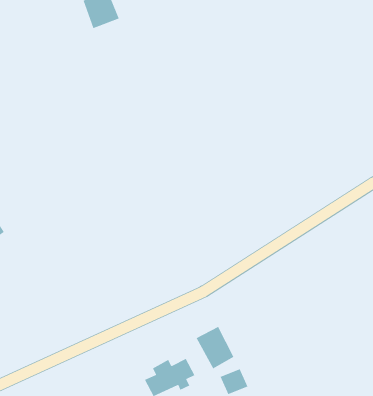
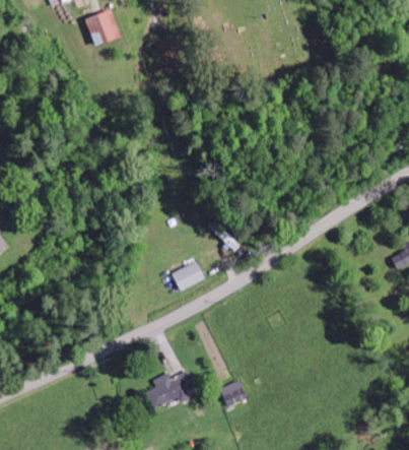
building: none -> [171,260,204,290]
building: [195,326,234,369] -> none

